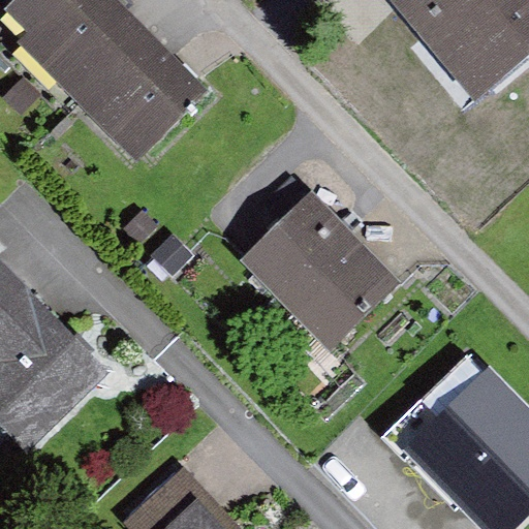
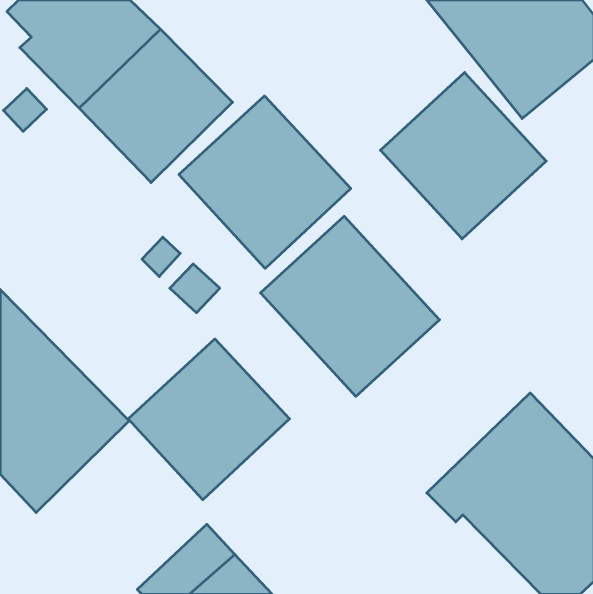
building: none -> [380,72,546,239]
building: none -> [179,96,351,268]
building: none -> [128,339,290,500]

